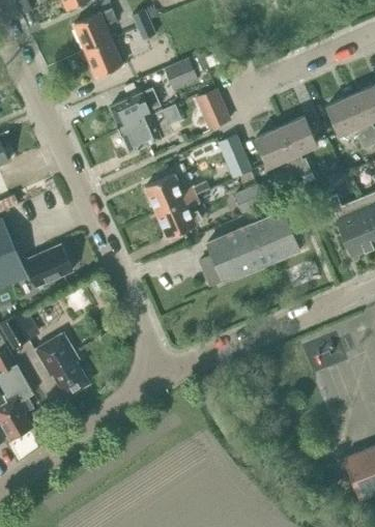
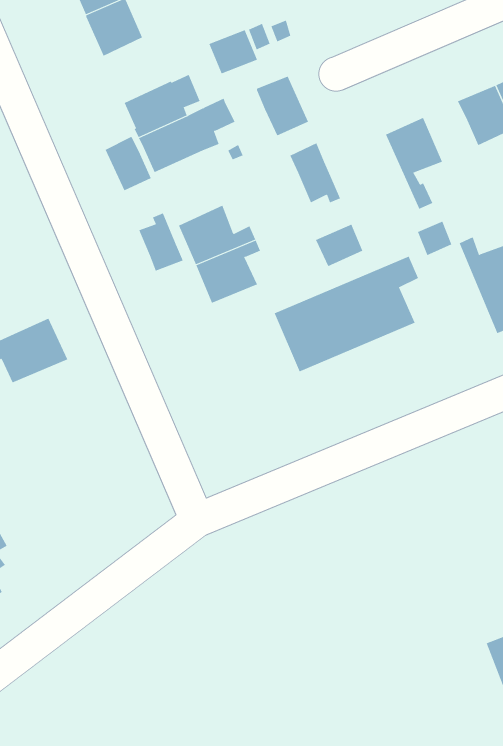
building: [255,127,301,181] -> none
building: none -> [105,136,151,191]
building: none -> [138,213,183,271]
building: [34,332,89,397] -> none

